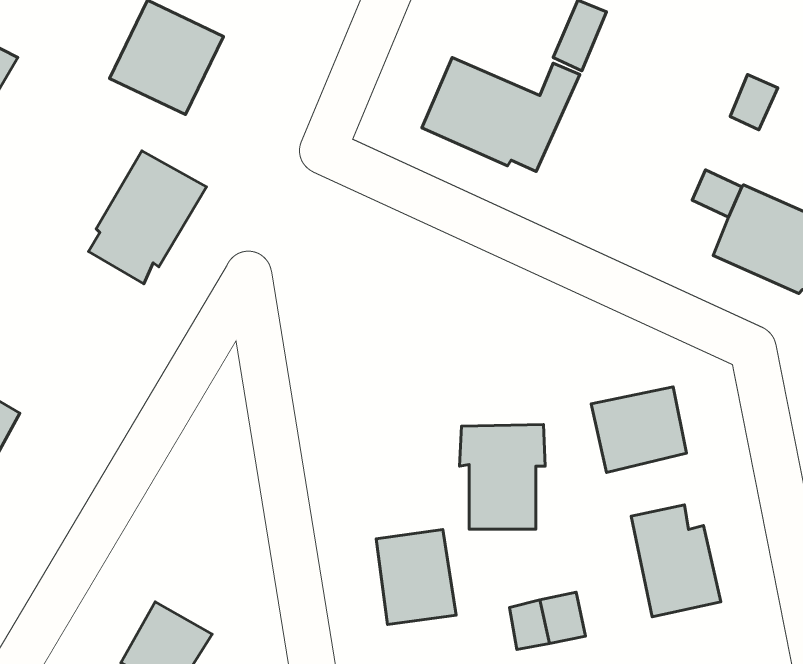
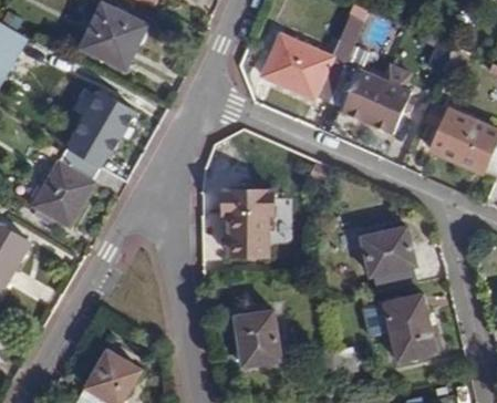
building: none -> [329,45,411,134]
building: none -> [33,148,101,227]
building: [460,424,545,529] -> [224,194,273,255]

